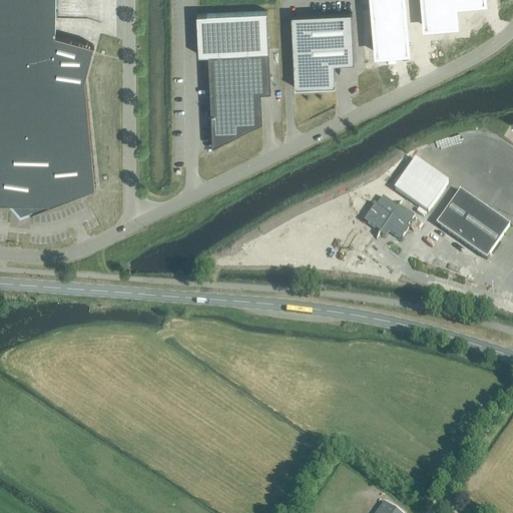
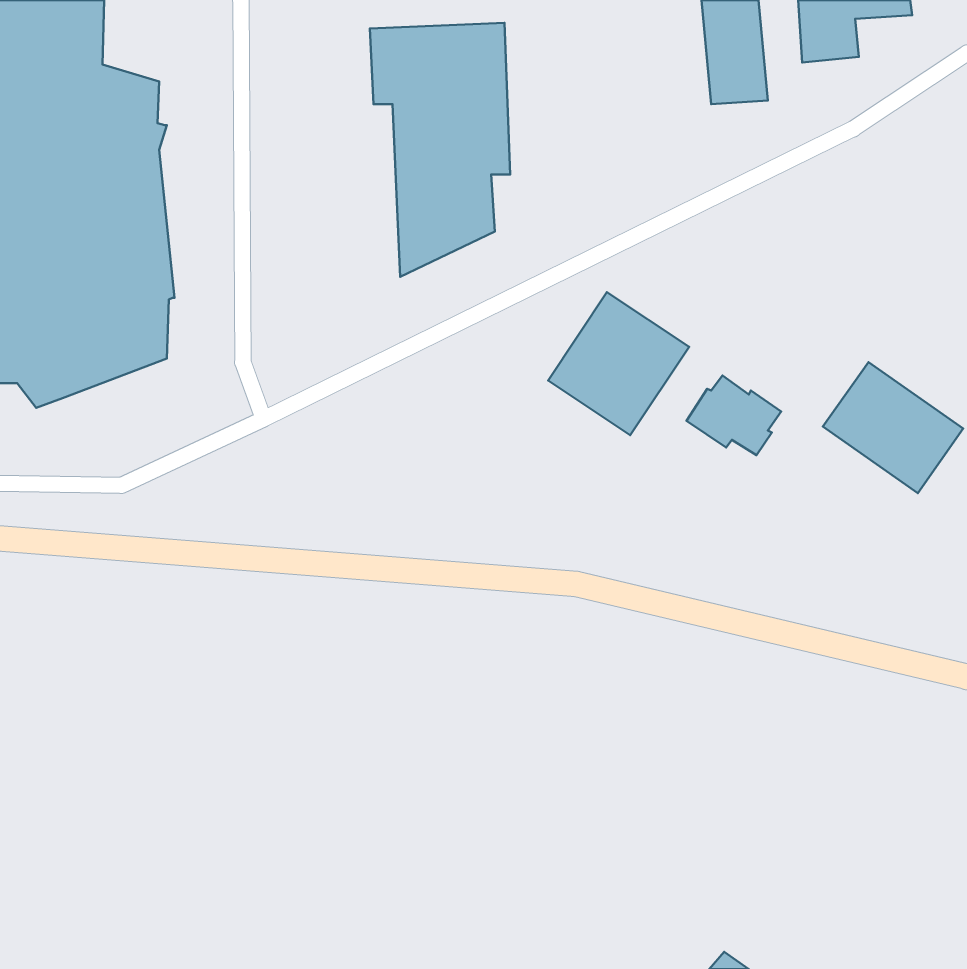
building: [290,13,354,87] -> none
building: none -> [548,292,689,435]
building: [393,160,448,213] -> none

